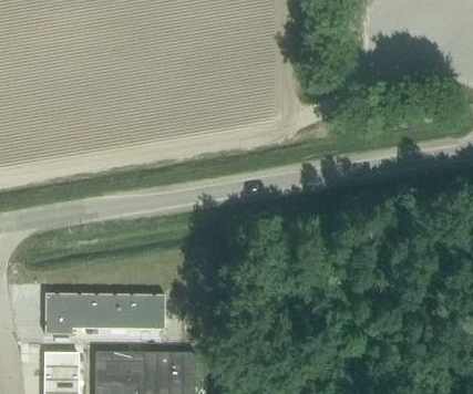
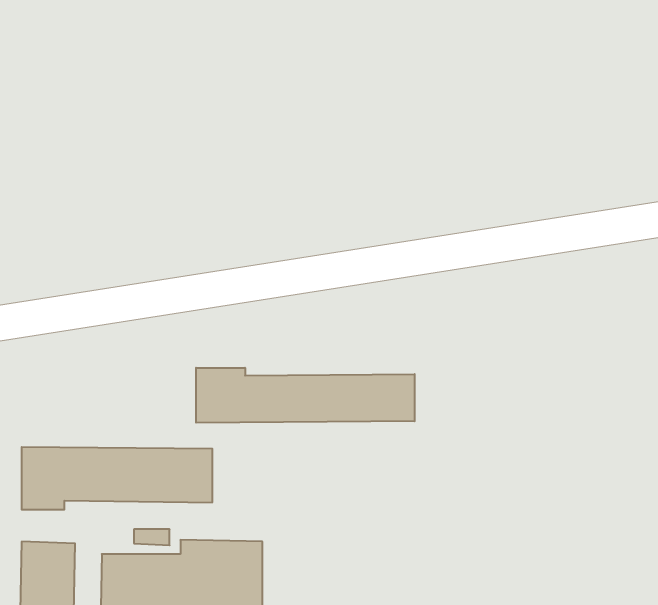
building: none -> [196,368,415,423]

